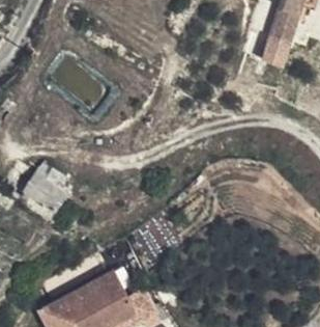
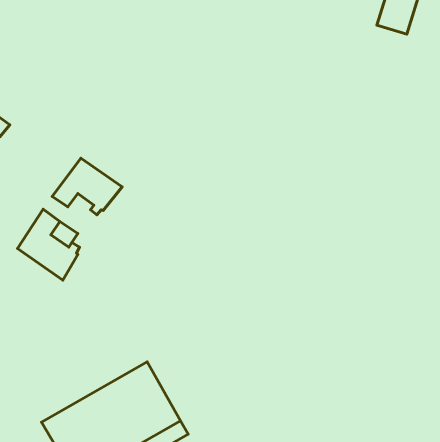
building: none -> [52,158,122,215]

